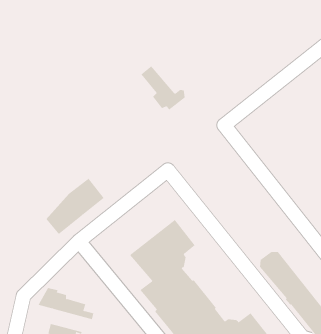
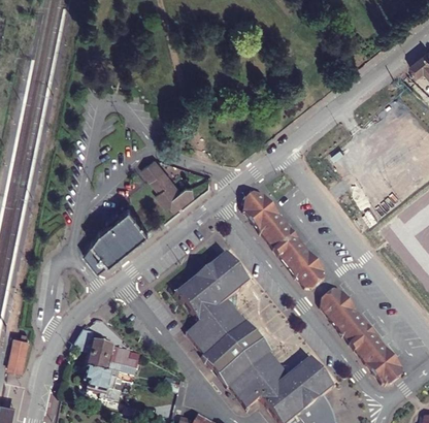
building: [140,65,185,111] -> [141,159,192,209]
building: none -> [244,194,325,289]
building: none -> [84,353,138,375]

